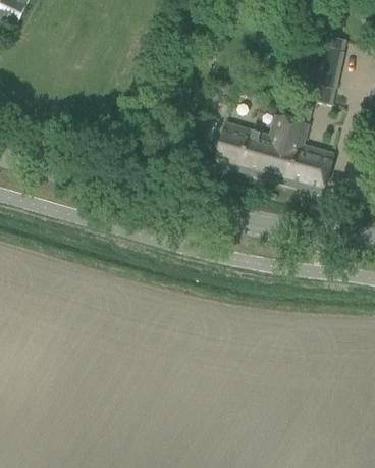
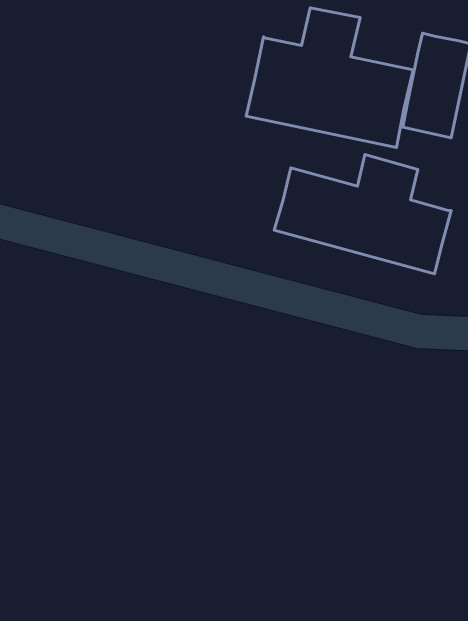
building: none -> [246,8,413,148]

